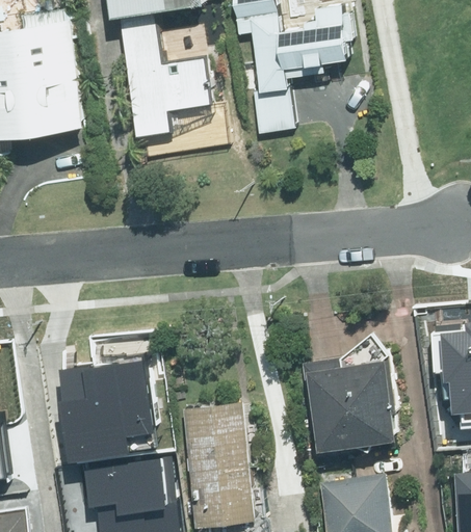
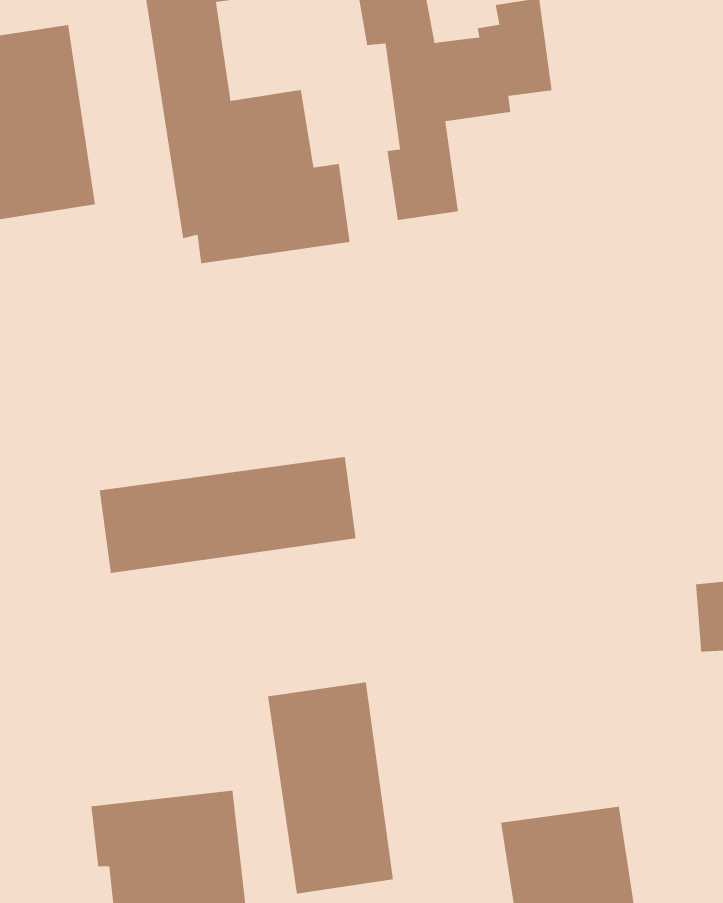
building: none -> [99,456,356,574]
building: [306,330,400,443] -> none
building: [43,367,147,469] -> none

